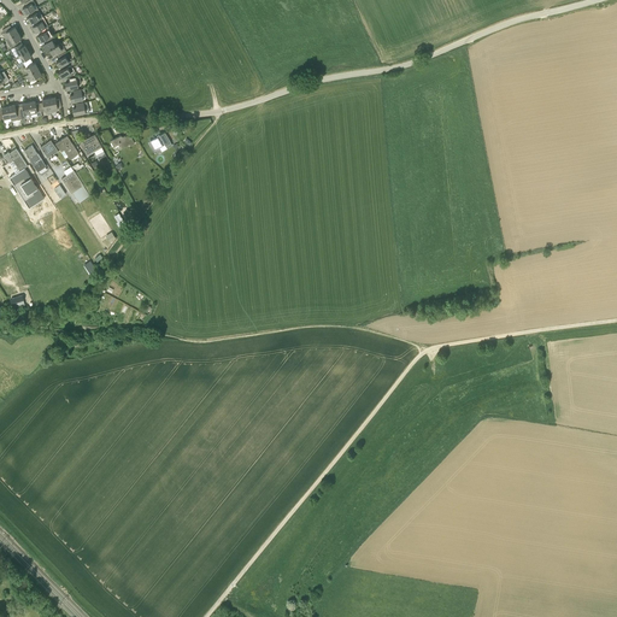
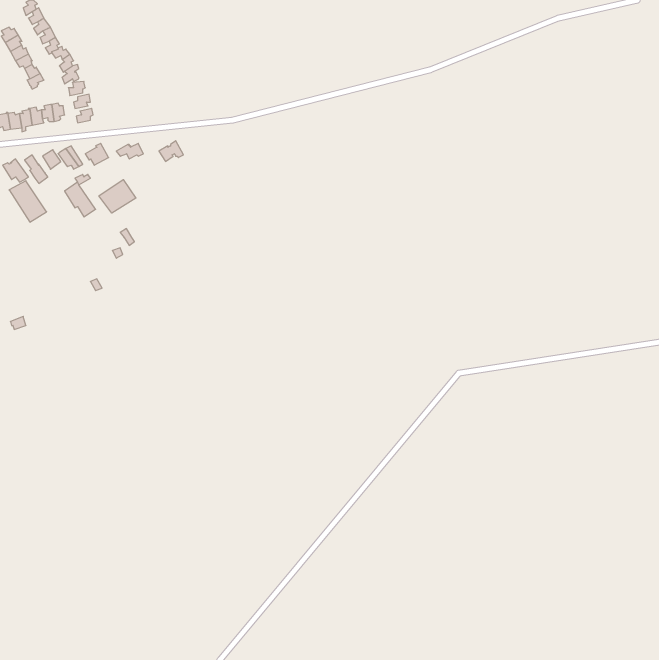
building: none -> [99,180,136,213]

